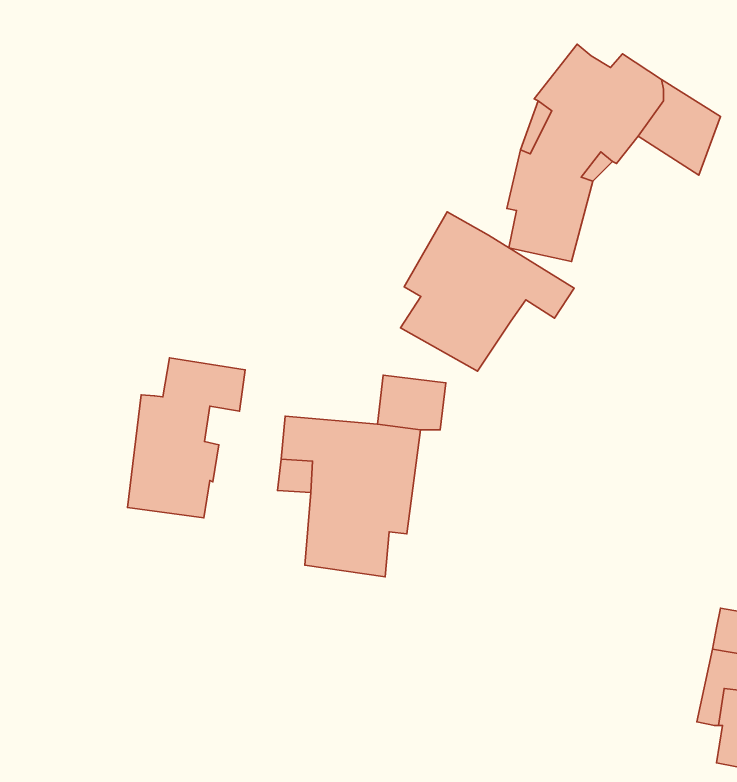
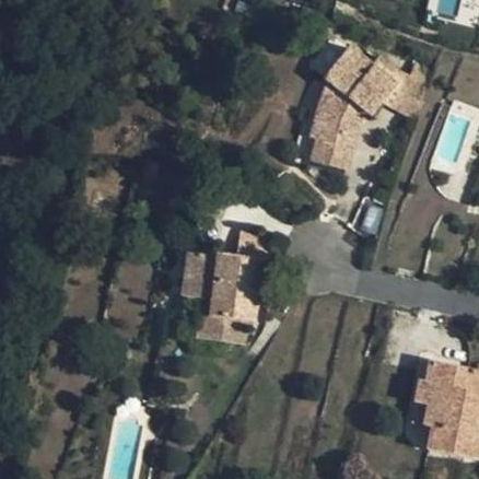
building: [400,212,574,371] -> none
building: [127,358,245,518] -> none

